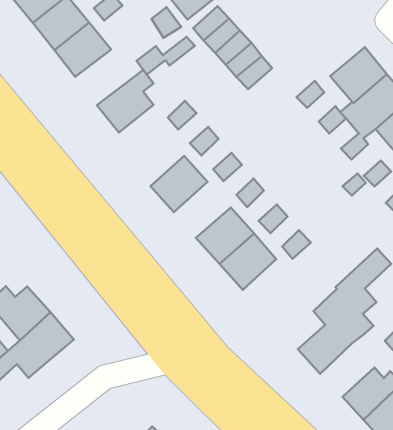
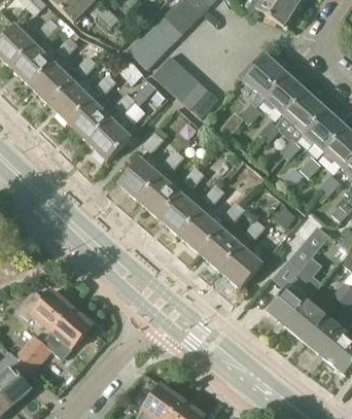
building: none -> [67,73,115,143]
building: none -> [243,54,286,97]
building: none -> [113,154,159,200]
building: none -> [156,190,200,235]
building: none -> [217,243,262,289]
building: none -> [285,300,326,342]

